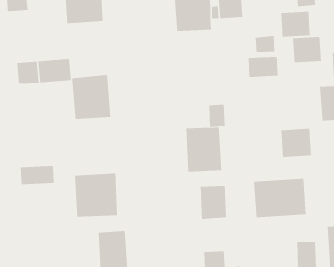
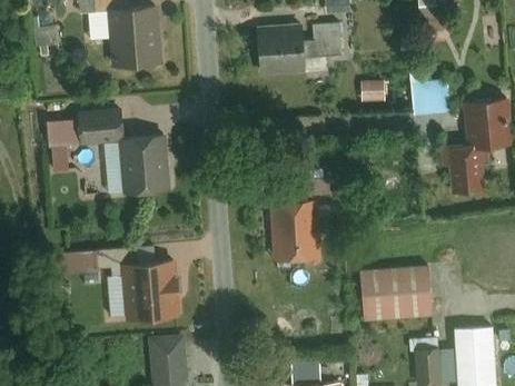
building: [281,11,310,38] -> none
building: [248,56,278,78] -> none
building: [281,128,312,158] -> none
building: [200,185,227,220] -> none

